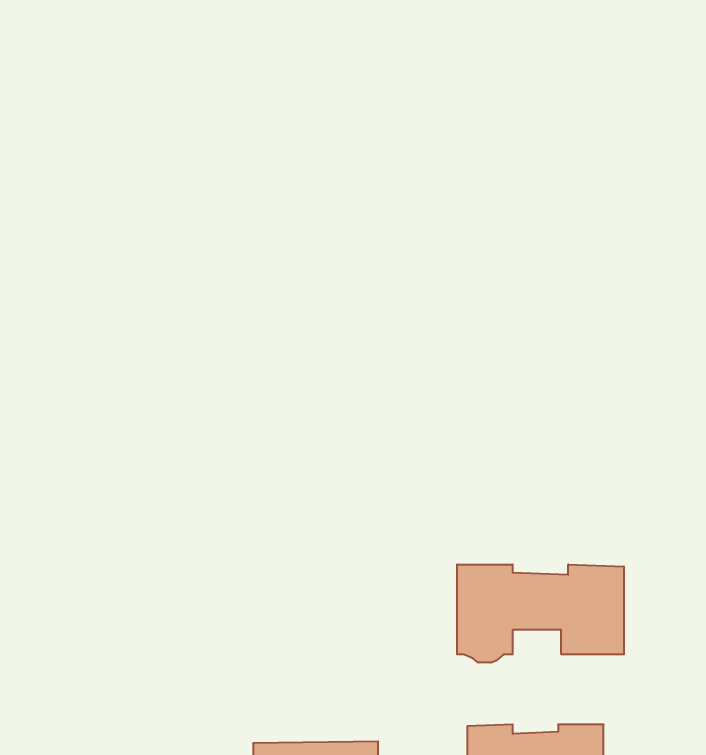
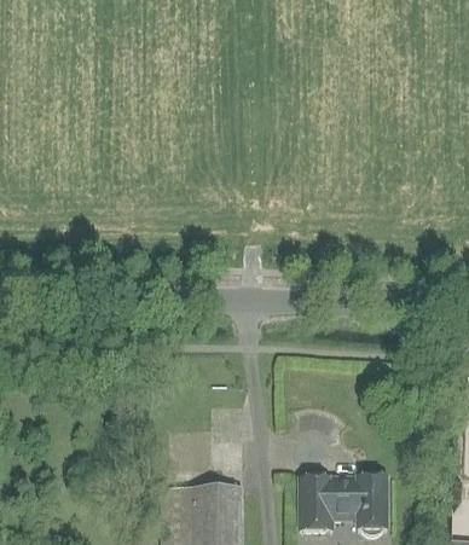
building: [457,564,624,663] -> none

